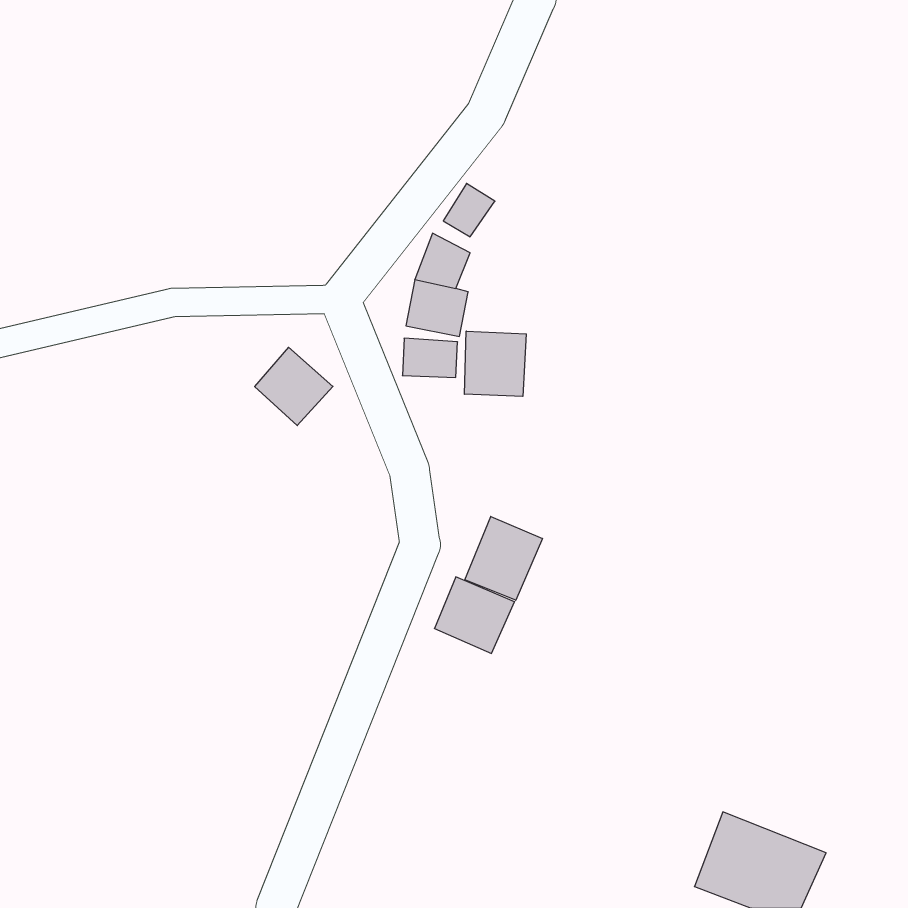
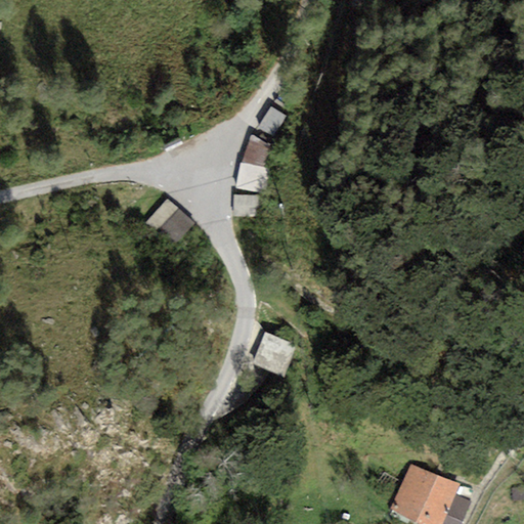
building: [464,331,526,396] -> none
building: [465,516,542,600] -> none

